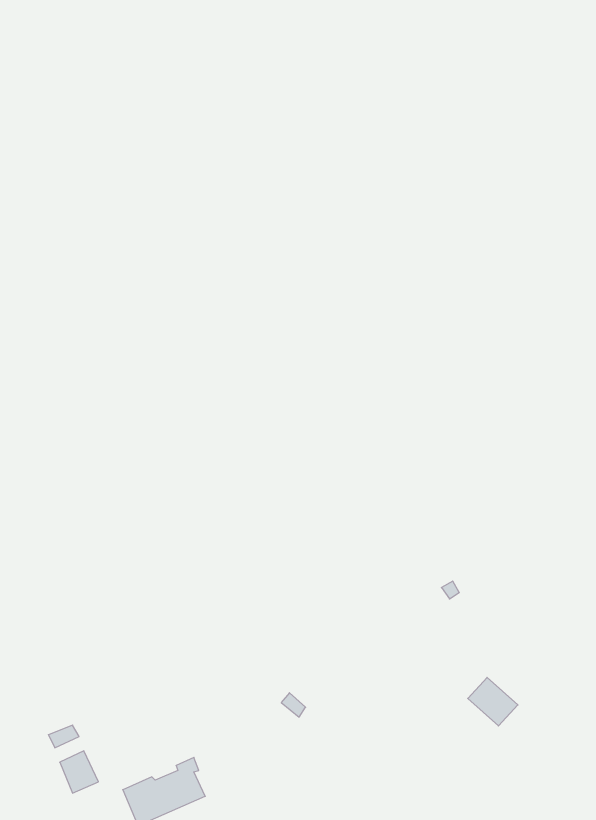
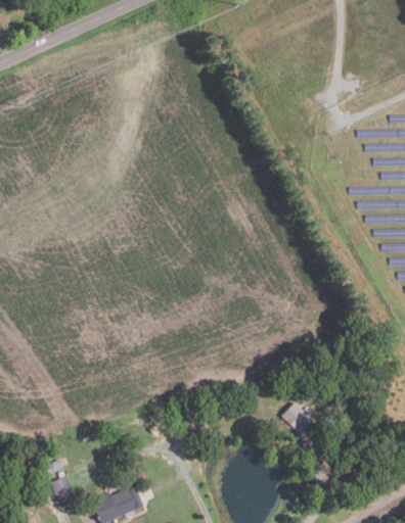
building: [468,677,518,726] -> [281,403,313,434]

